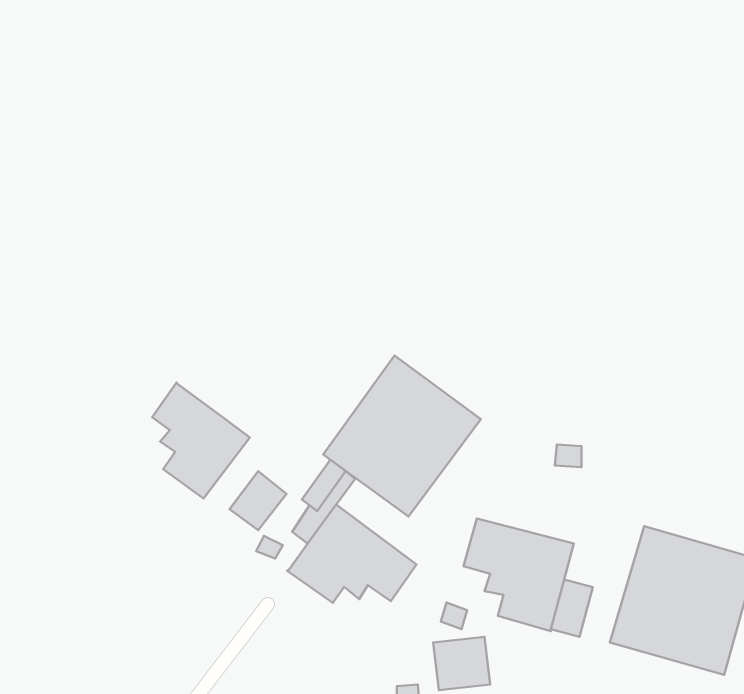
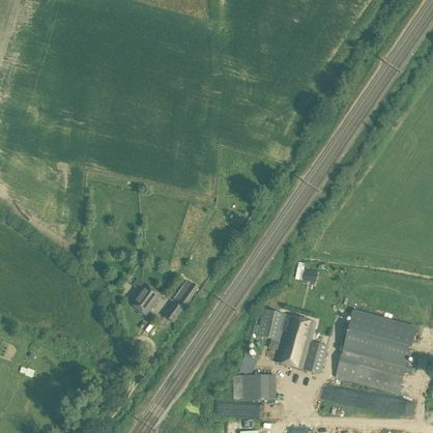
building: [323,356,481,517] -> none
building: [152,383,250,499] -> none
building: [287,505,417,603] -> none

